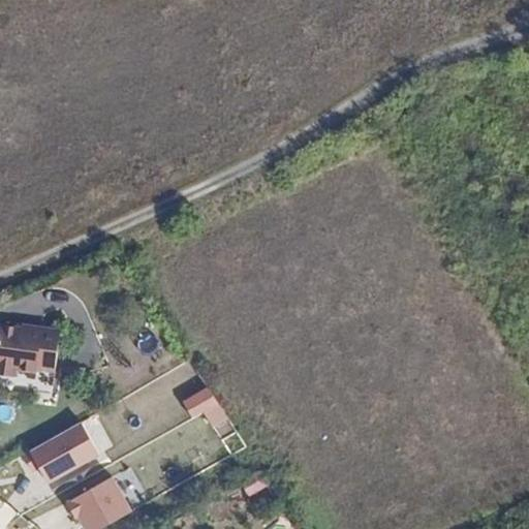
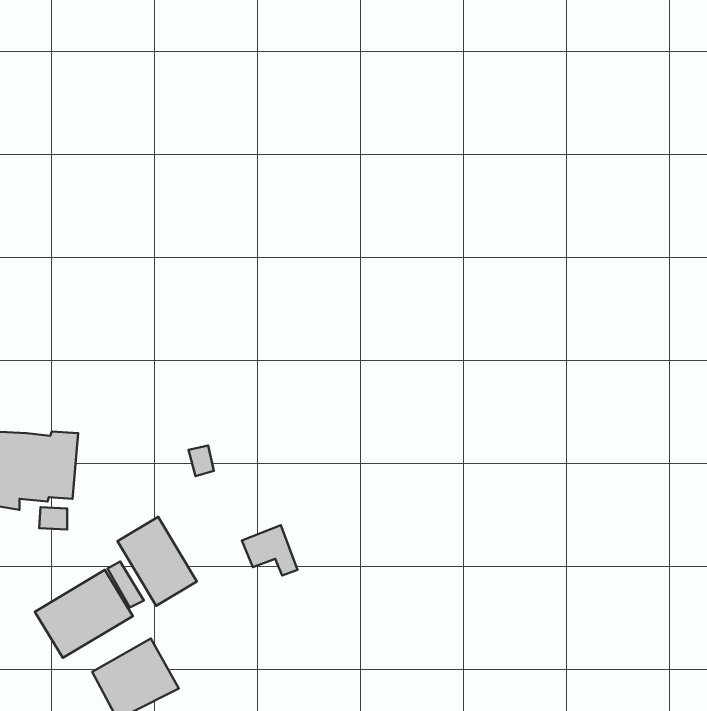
building: none -> [117,517,197,606]

